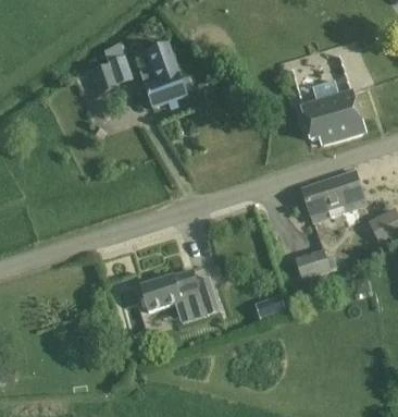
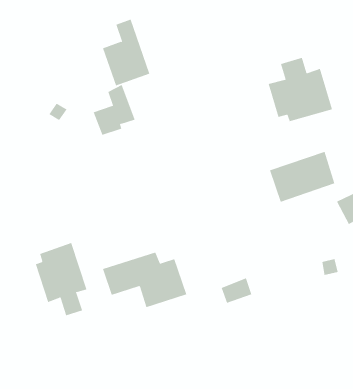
building: [90,44,132,94] -> [93,84,136,136]
building: [295,247,332,289] -> none
building: none -> [35,242,87,316]

